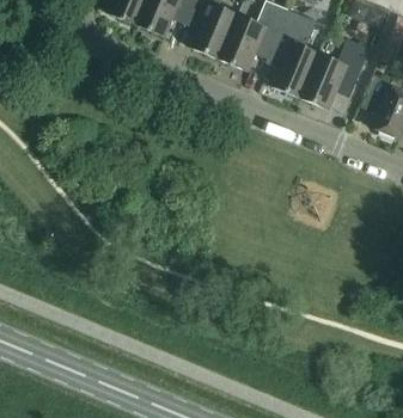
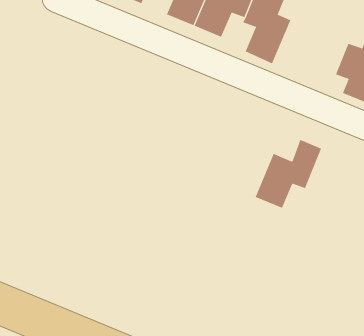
building: [301,38,371,110] -> [255,139,322,209]

